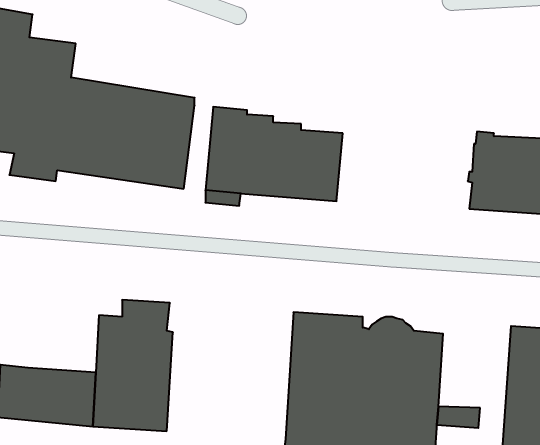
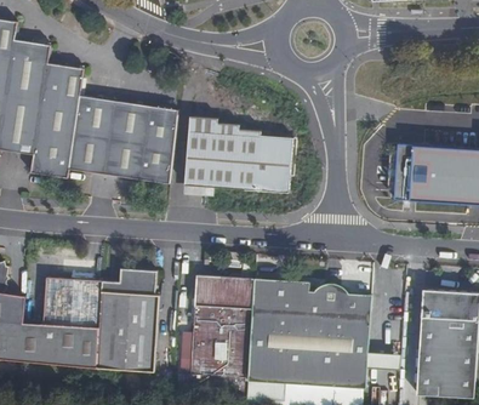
building: none -> [190,273,253,377]
building: none -> [45,276,101,325]

